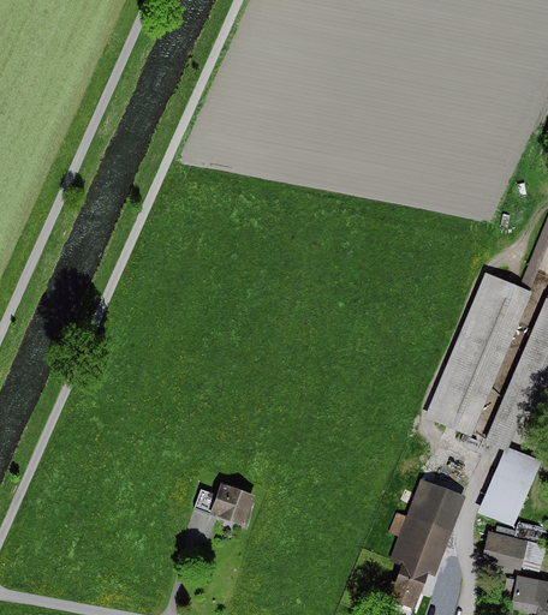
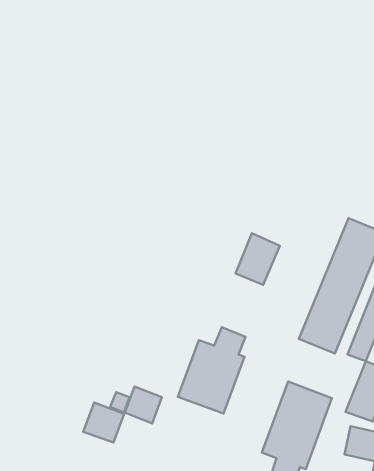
building: none -> [235,233,280,285]
building: none -> [178,327,246,414]
building: none -> [83,402,124,443]

